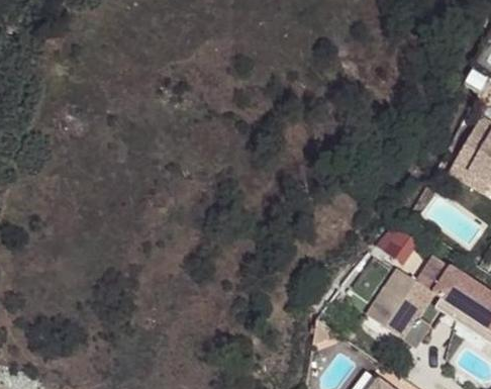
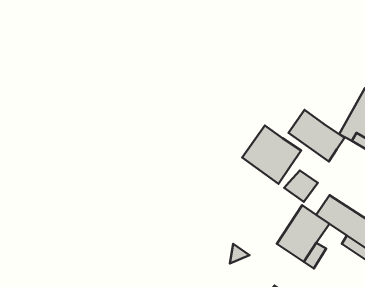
building: none -> [288,110,345,162]
building: none -> [242,125,301,184]

